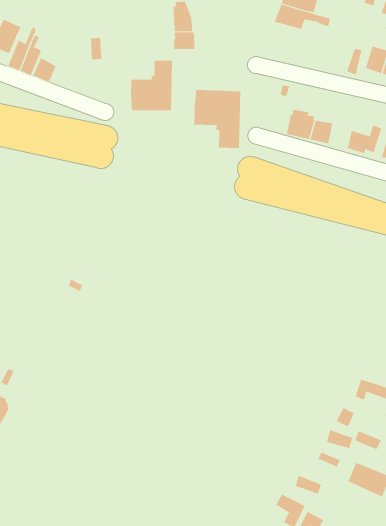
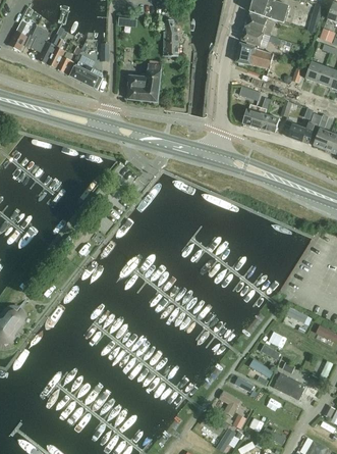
building: none -> [236,41,273,67]
building: none -> [70,61,102,88]
building: [194,89,241,149] -> none

